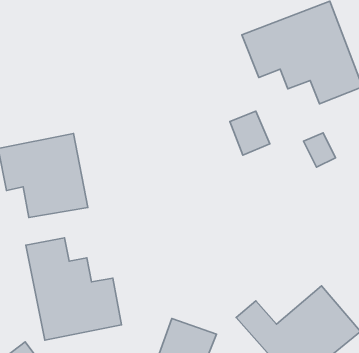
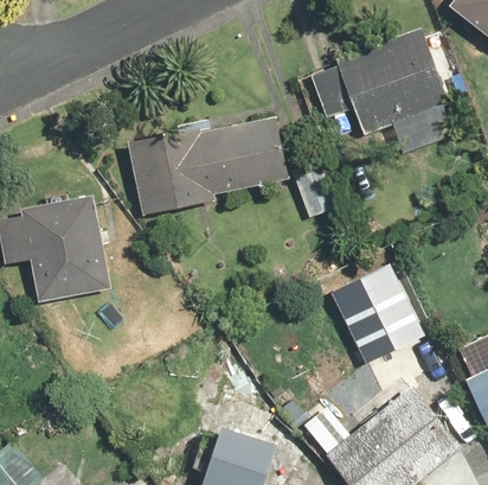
building: none -> [129,116,289,215]
building: none -> [328,266,424,364]
building: [26,238,122,340] -> none

